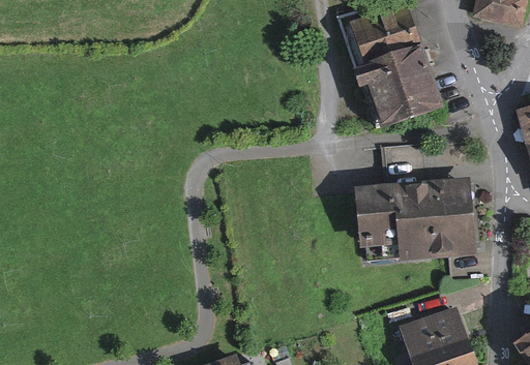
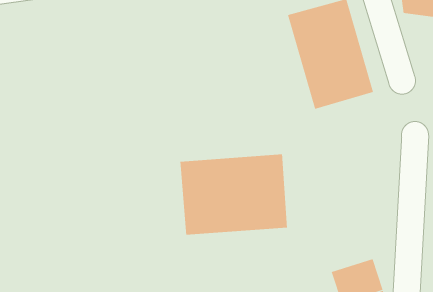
building: [355,179,464,253] -> none
building: none -> [180,153,287,235]

